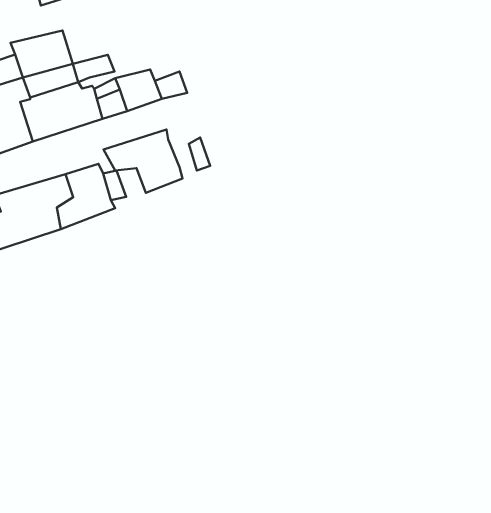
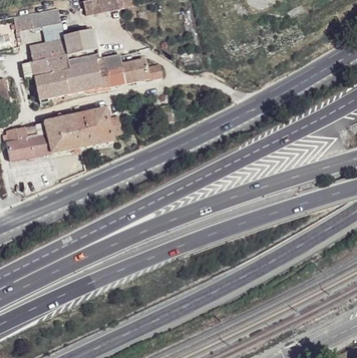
building: [104,130,182,193] -> none

